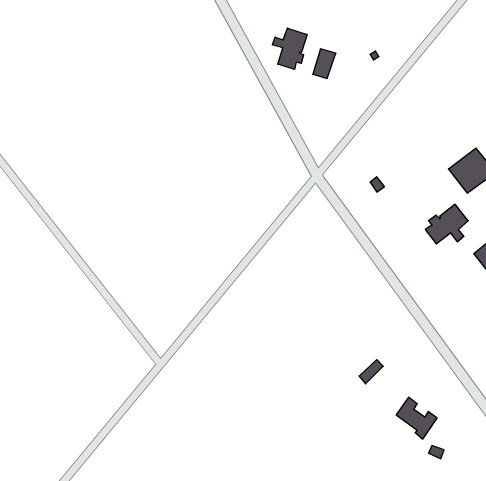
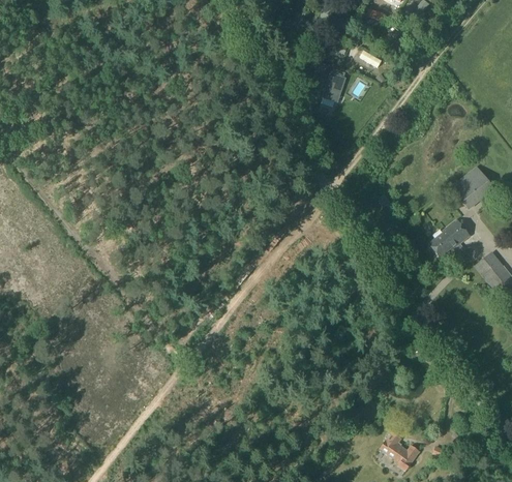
building: [272,28,307,69] -> none
building: [396,397,437,439] -> [381,431,419,471]

